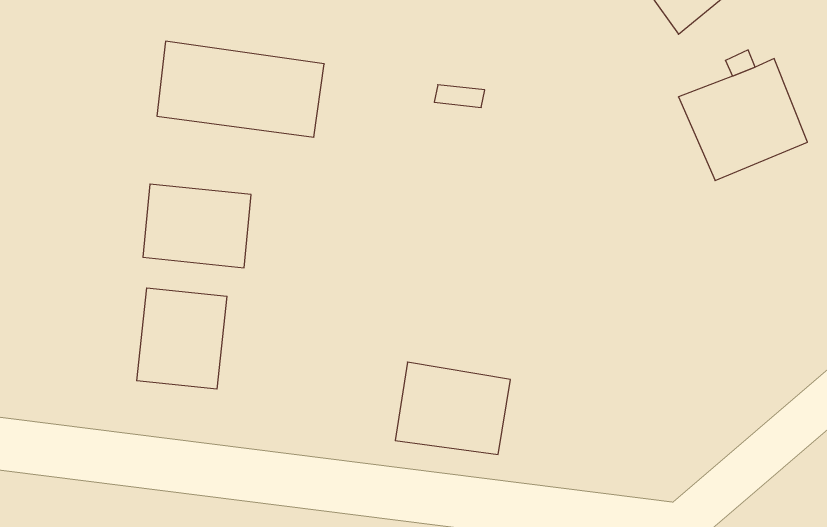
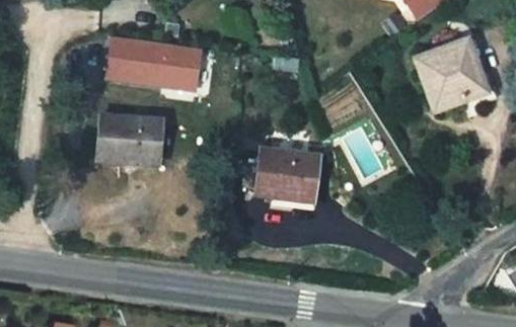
building: [137,288,227,389] -> none
building: [395,362,510,454] -> [253,147,320,200]

